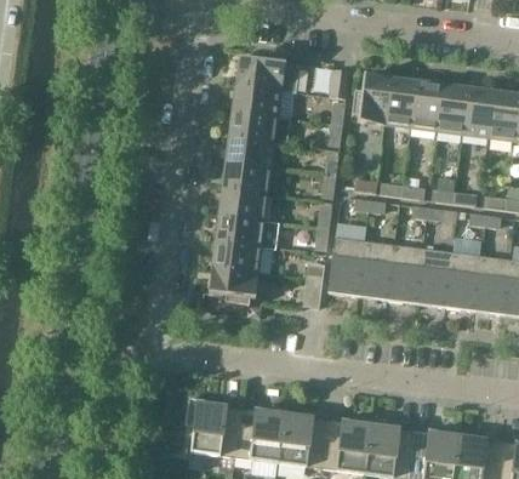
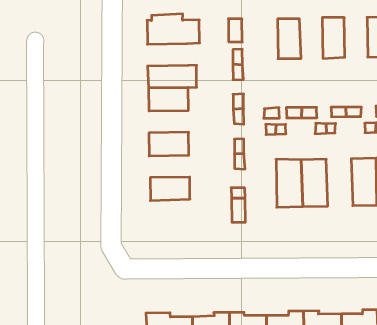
building: [352,74,390,124] -> none
building: [411,81,443,131] -> none
building: [232,85,281,116] -> none
building: [462,87,495,137] -> none
building: [222,162,272,194] -> none
building: [216,215,264,246] -> none
building: [329,236,365,296] -> none
building: [417,249,452,307] -> none
building: [209,267,258,304] -> none

